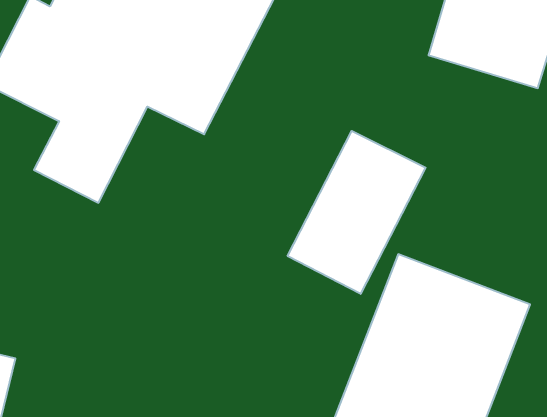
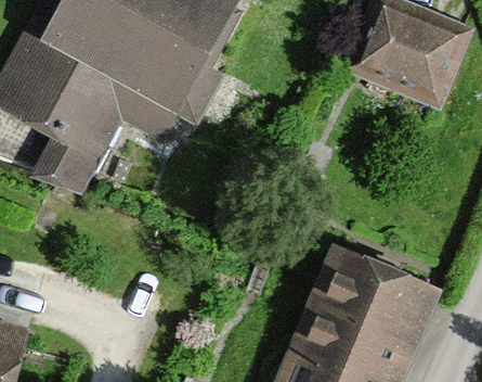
building: [288,131,426,294] -> none

